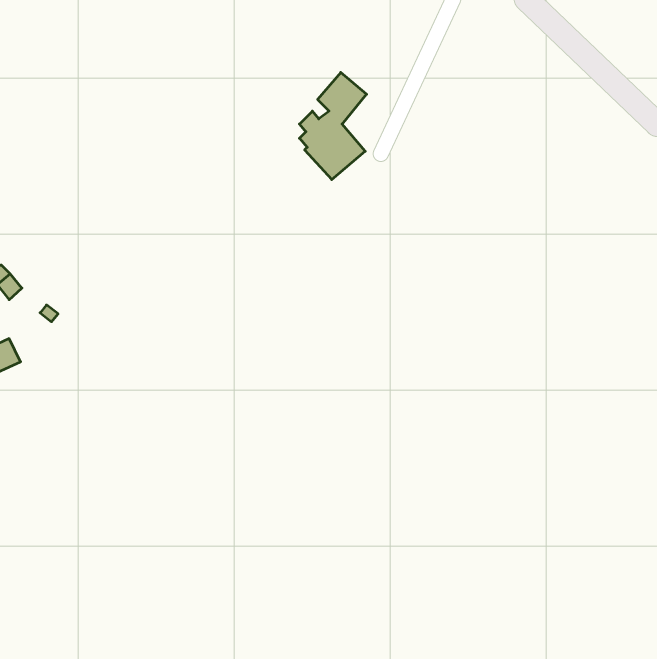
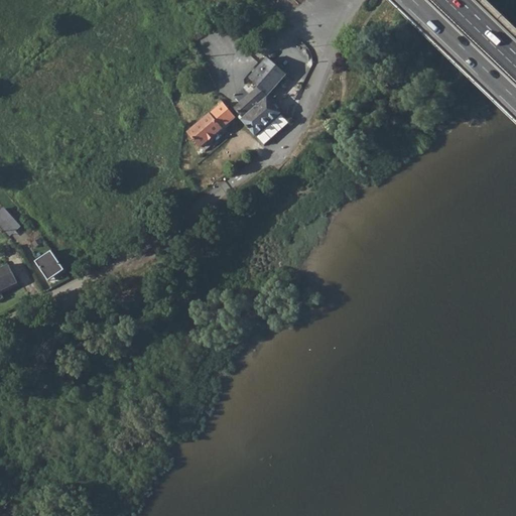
building: none -> [187,102,236,150]
building: none -> [35,250,63,280]

